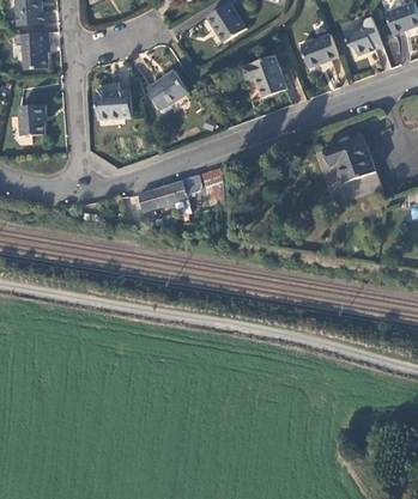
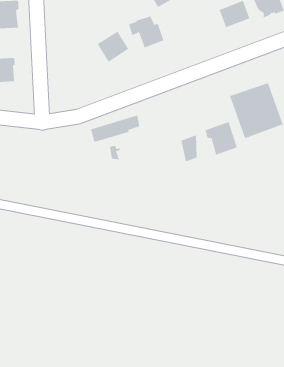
building: [241,56,286,97] -> [128,16,164,48]
building: [95,90,131,121] -> none
building: [201,166,223,200] -> [180,135,198,161]
building: none -> [205,121,237,156]

